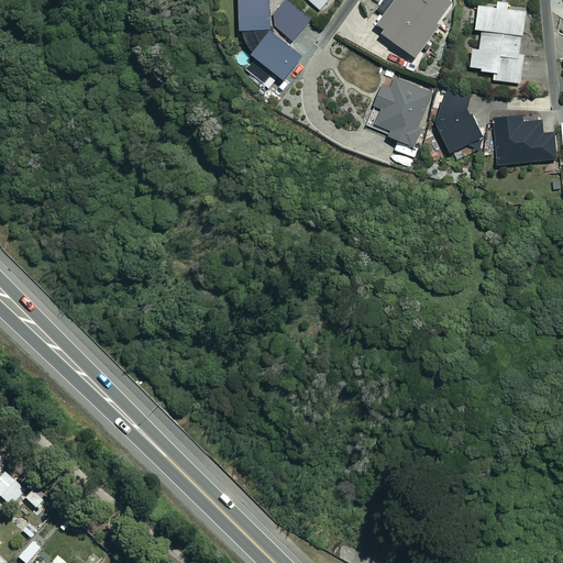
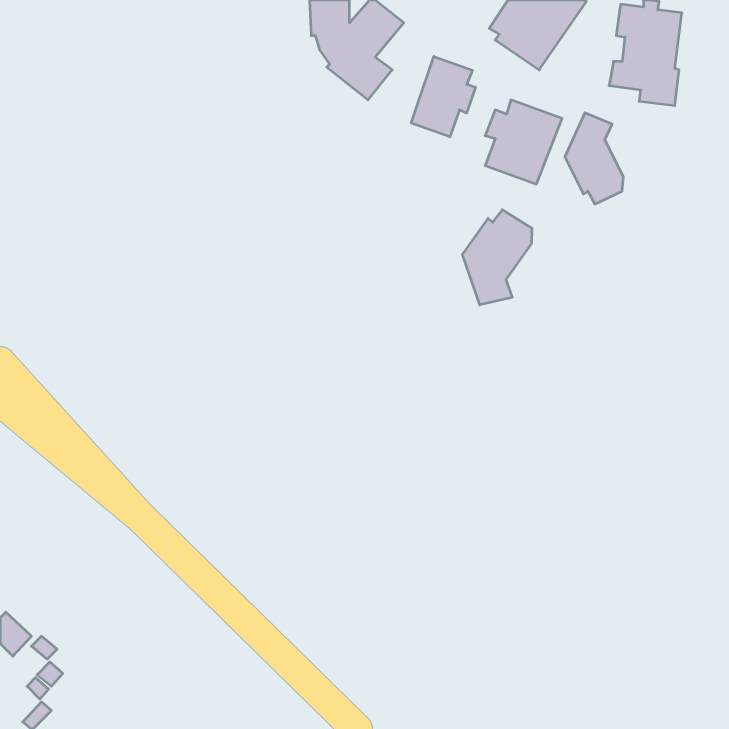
building: none -> [411,56,475,137]
building: [492,114,555,163] -> none
building: none -> [462,210,532,305]

